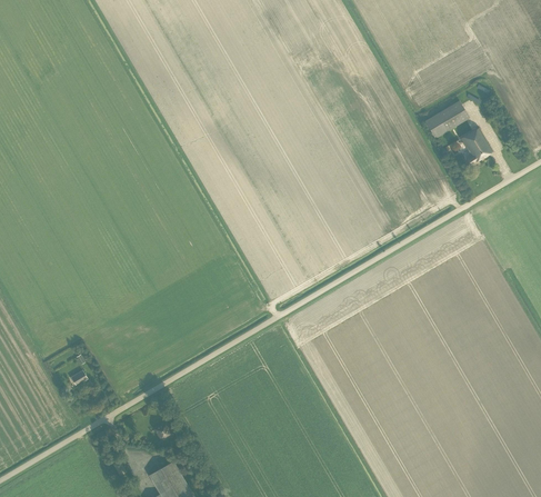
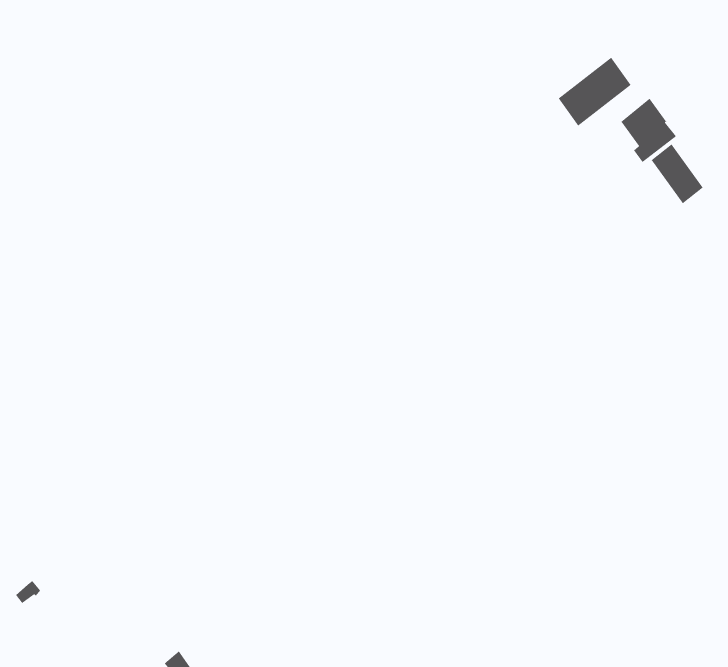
building: none -> [651,143,704,204]

